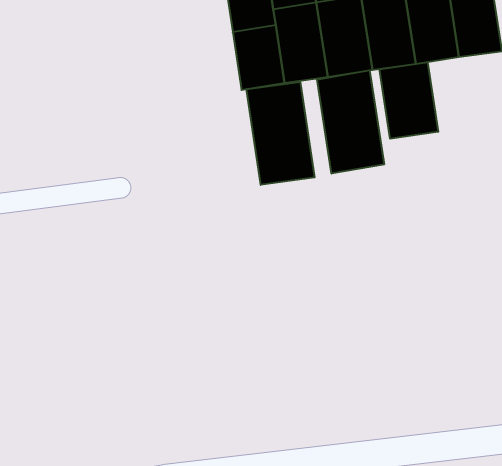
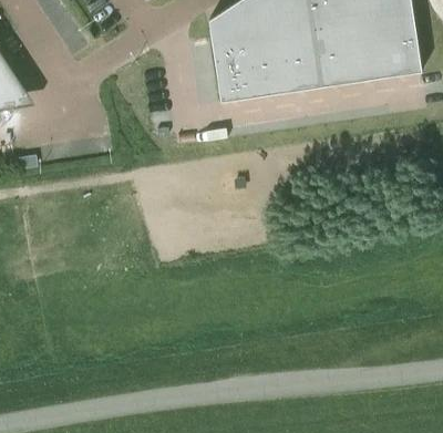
building: [379,62,438,139] -> none
building: [317,70,384,174] -> none
building: [246,82,315,185] -> none

